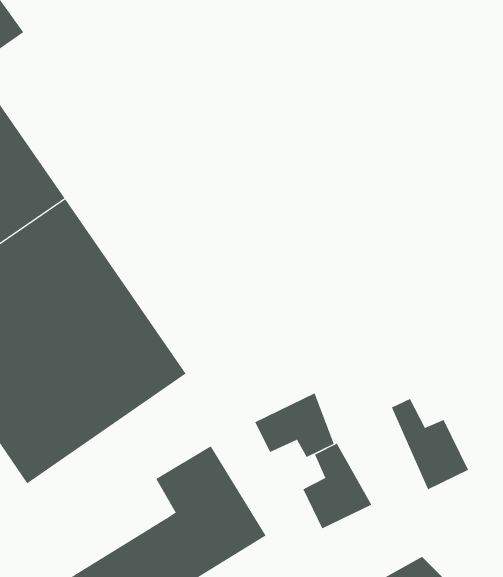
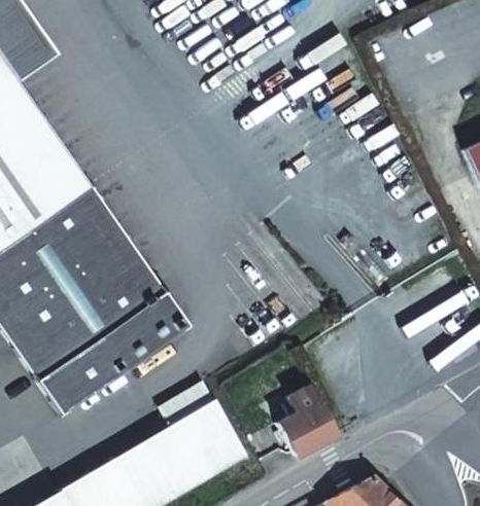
building: [254,392,335,458] -> none
building: [391,398,469,490] -> none

